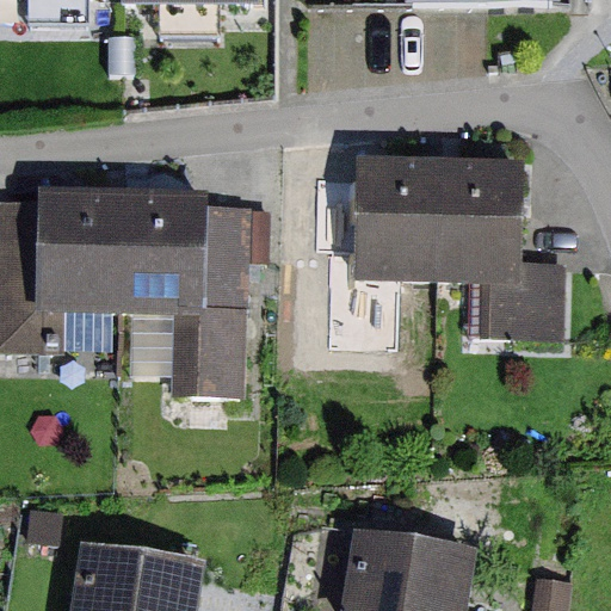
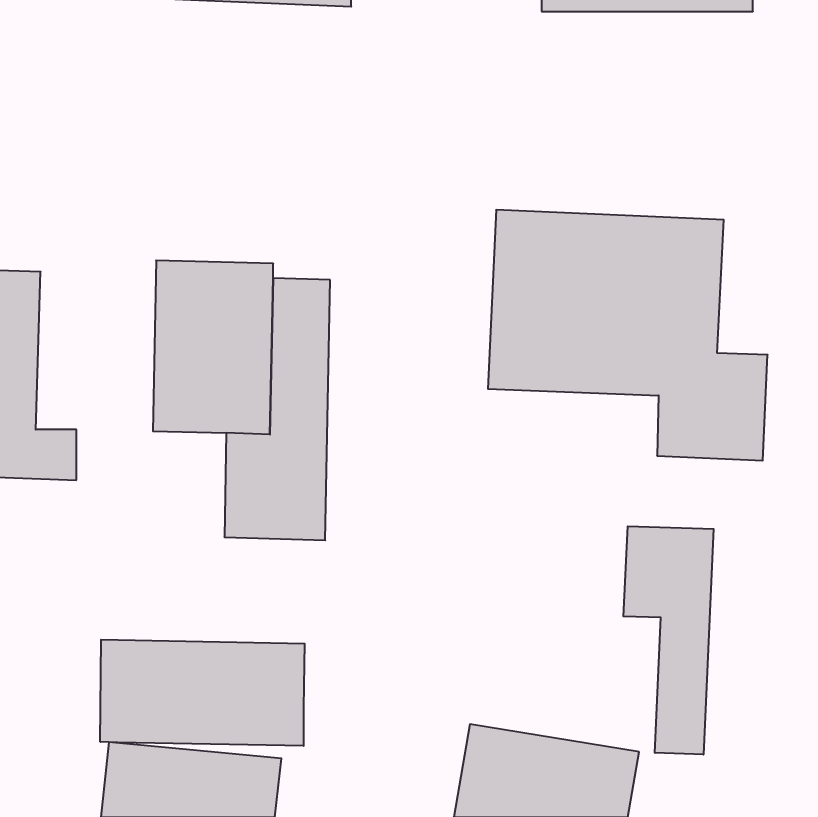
building: [26,190,115,316] -> none
building: none -> [623,526,714,755]
building: none -> [100,640,305,746]

